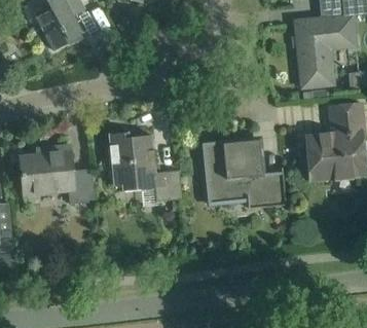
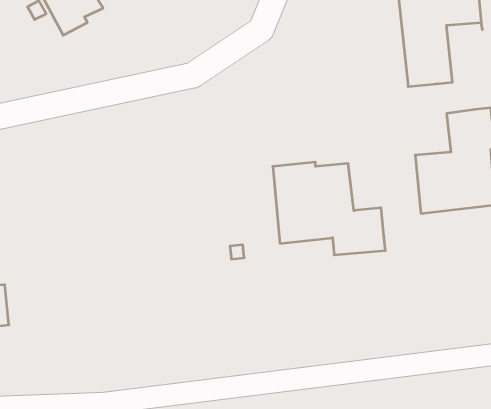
building: [109,132,182,202] -> none
building: [20,150,95,205] -> none

